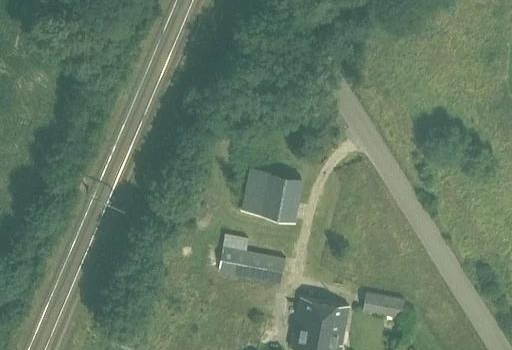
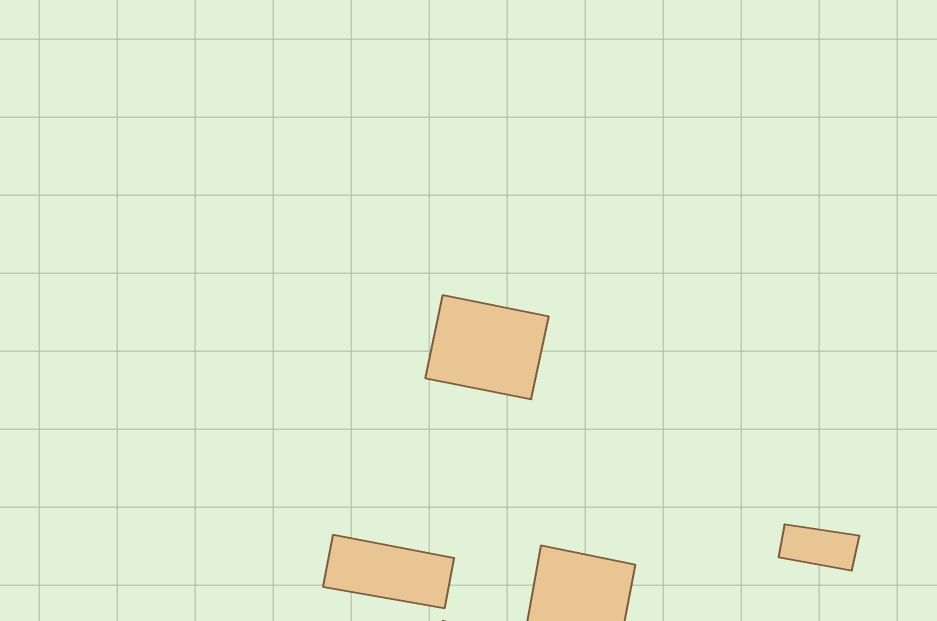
building: [218,246,286,284] -> [323,535,454,608]
building: [363,293,405,317] -> [779,524,860,571]

